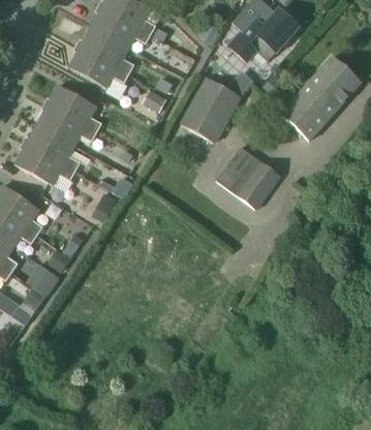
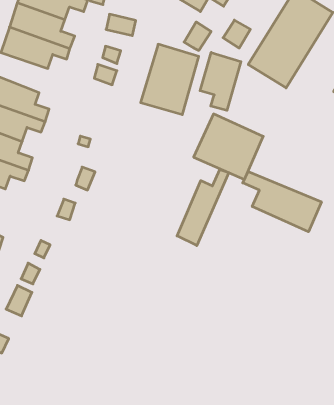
building: none -> [200,52,241,110]
building: none -> [177,169,229,246]
building: none -> [243,171,321,232]

